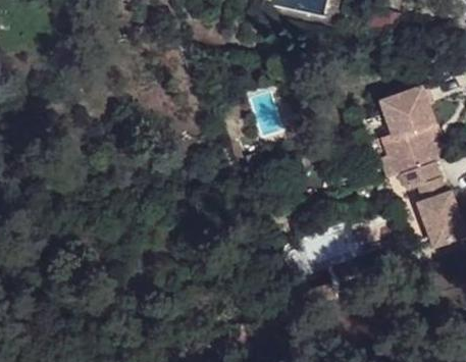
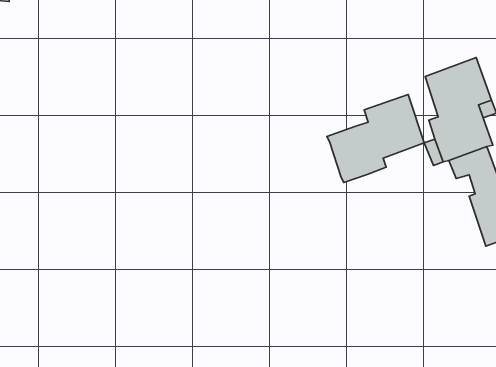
building: none -> [327,95,424,182]

